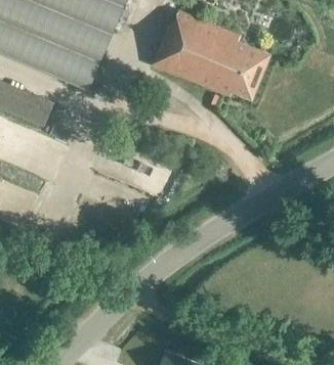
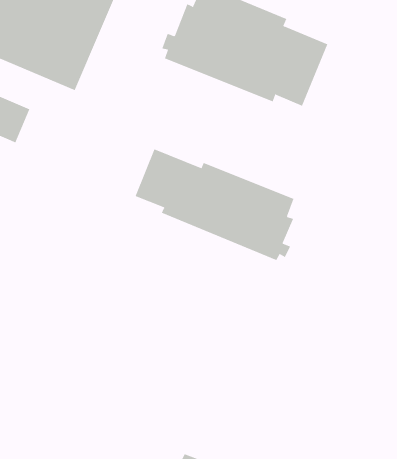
building: none -> [135,149,294,261]

